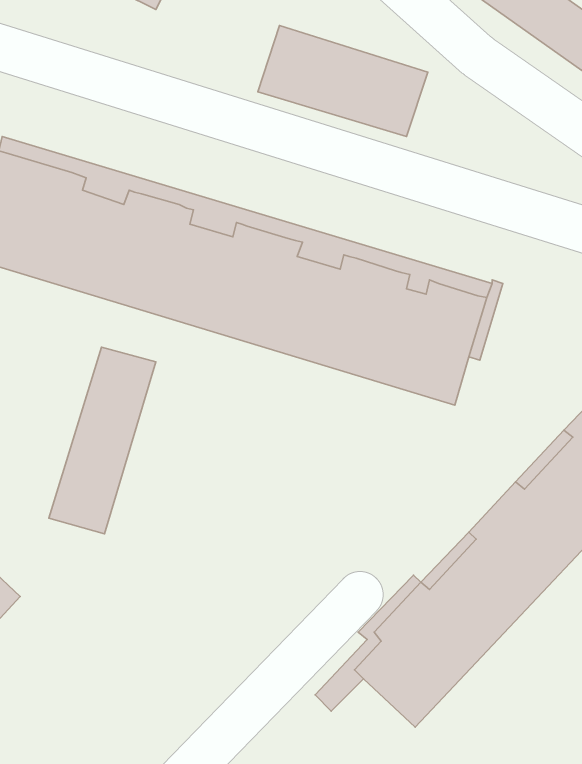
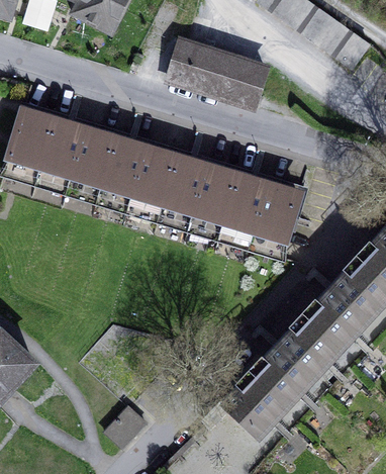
building: [49,347,156,534] -> none
building: none -> [106,406,147,448]

